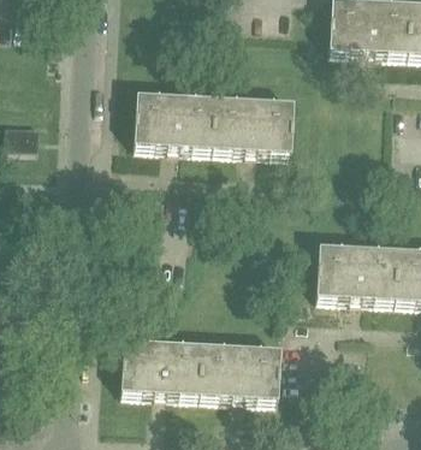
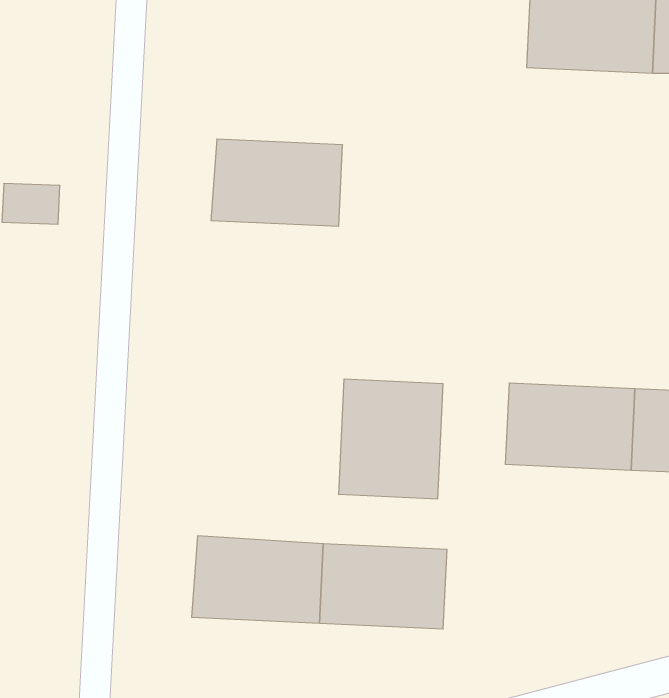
building: [213,101,293,155] -> none
building: none -> [339,379,443,499]

